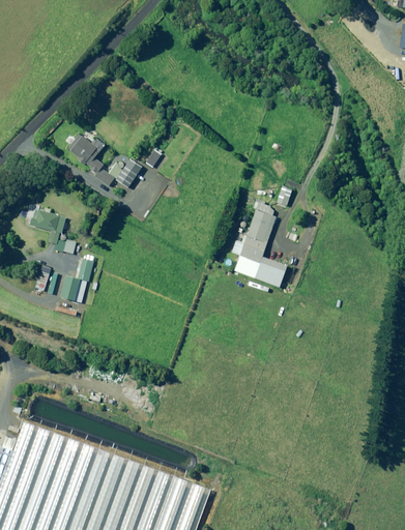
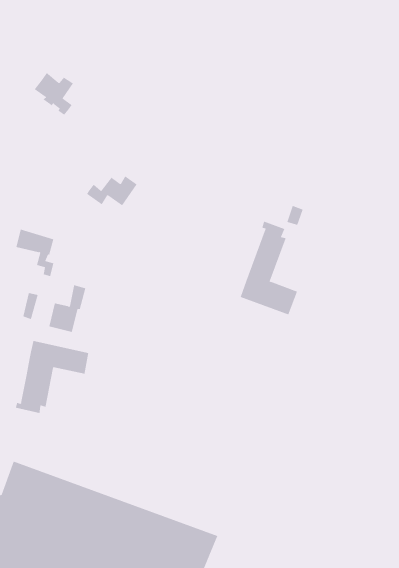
building: [68,135,105,174] -> [34,72,74,115]
building: none -> [15,340,89,414]

